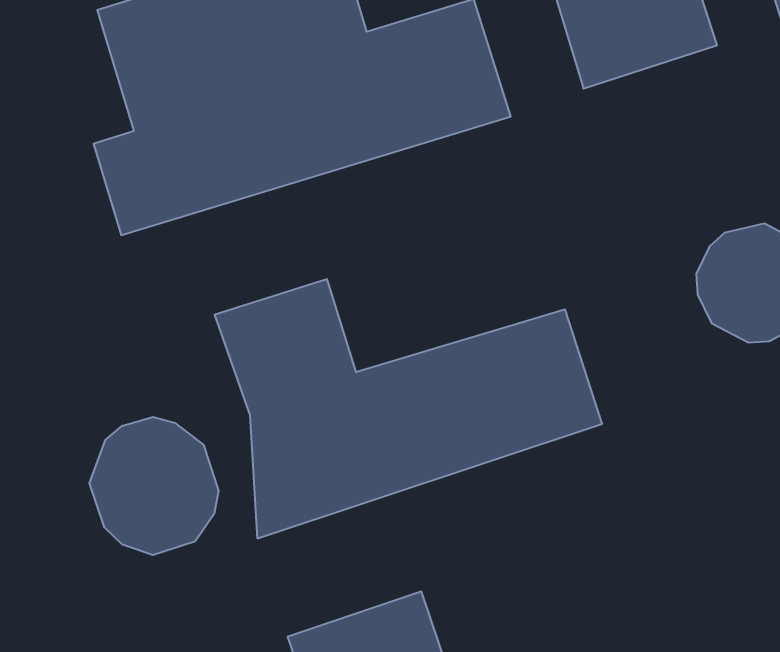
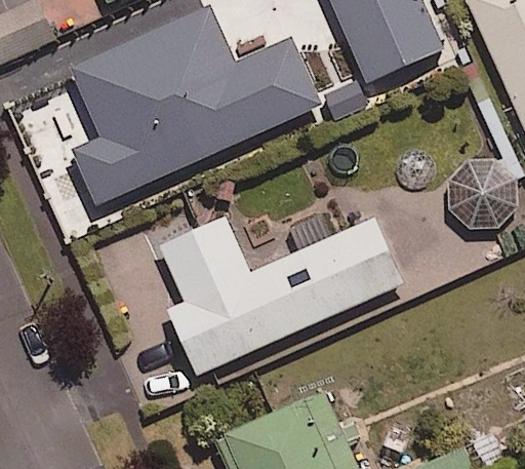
building: [90,417,218,555] -> none

